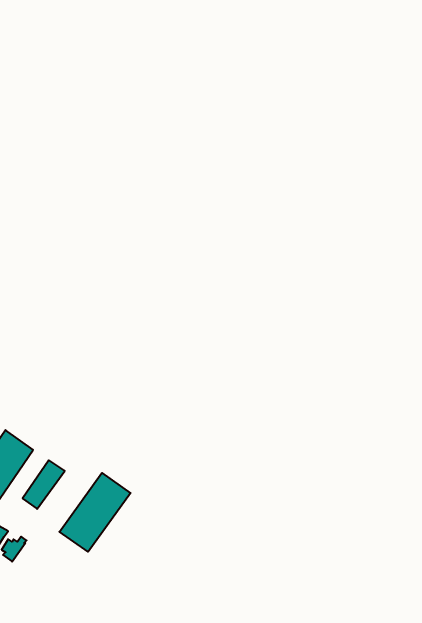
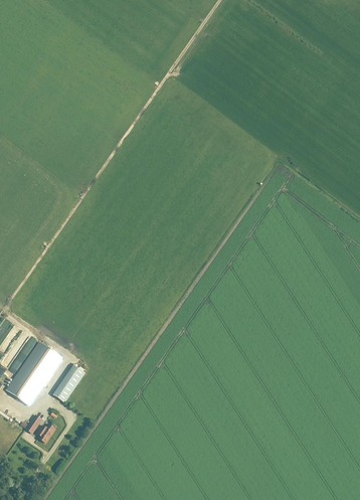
building: [59,473,131,552] -> none

